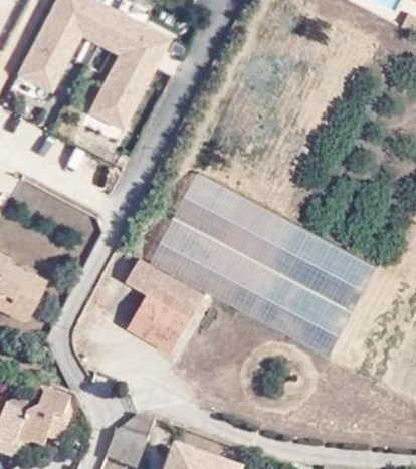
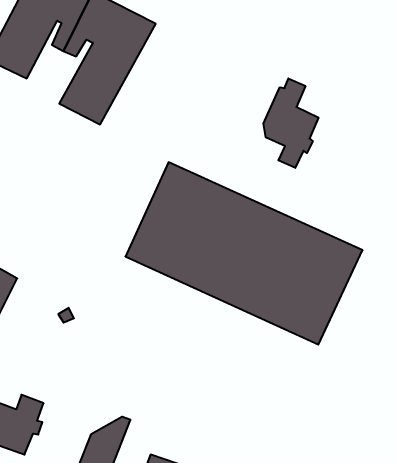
building: none -> [263,78,318,168]
building: [122,256,202,349] -> none

